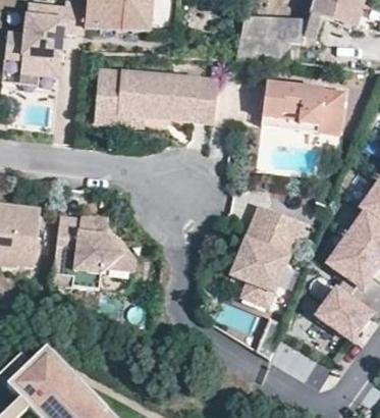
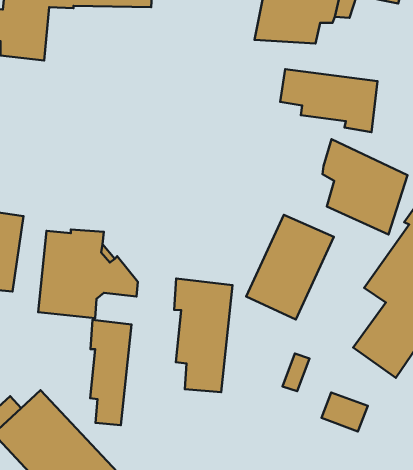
building: [97,74,217,125] -> none
building: none -> [322,139,407,234]
building: none -> [174,278,232,392]
building: none -> [90,320,131,425]

